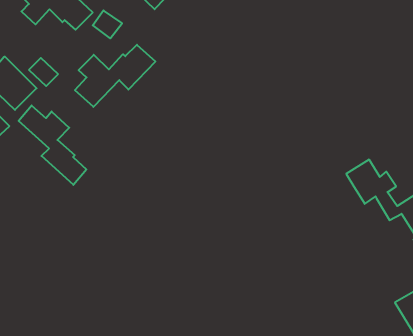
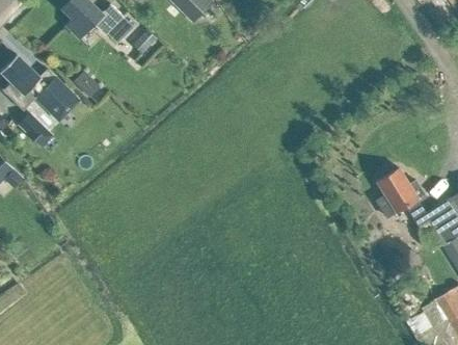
building: [75,45,155,107] -> none
building: [19,105,86,185] -> none

